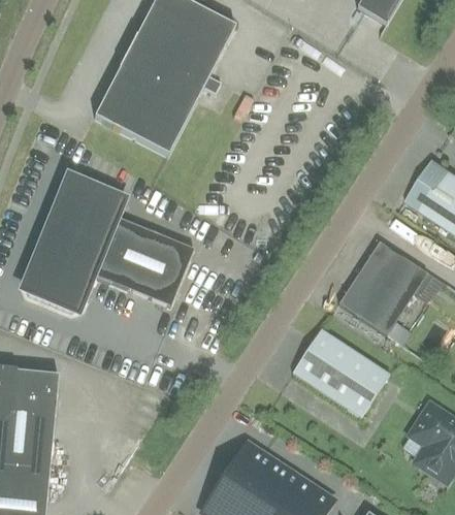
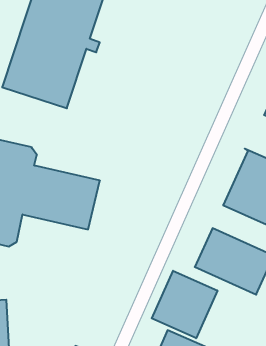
building: none -> [152,271,217,338]

